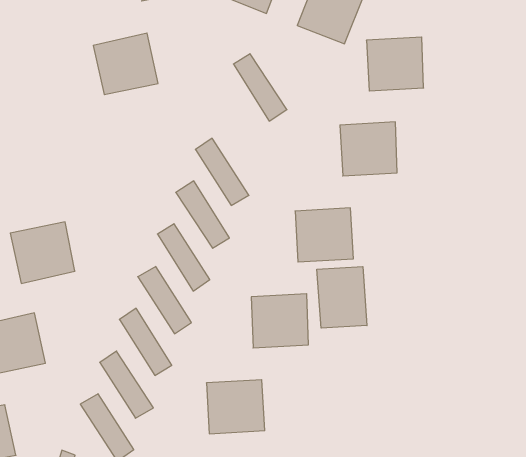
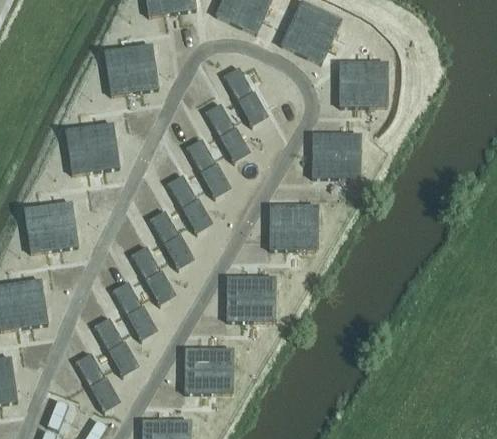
building: none -> [206,101,249,161]
building: none -> [65,122,119,173]
building: [317,267,367,328] -> none

